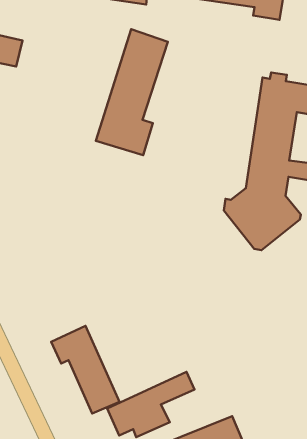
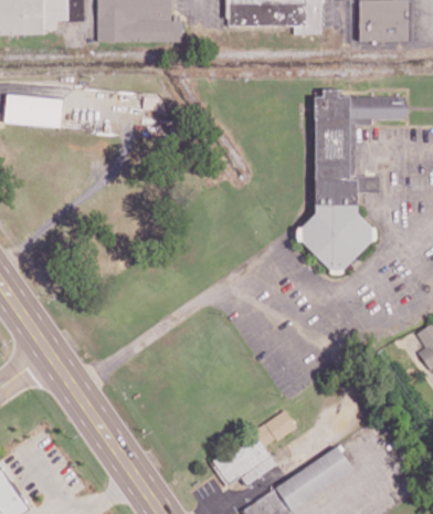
building: [96,29,168,155] -> none
building: [51,326,119,413] -> none

